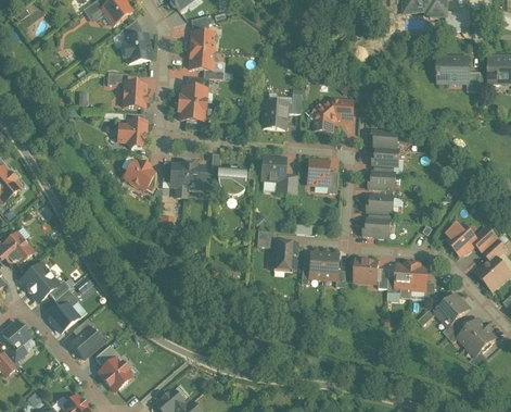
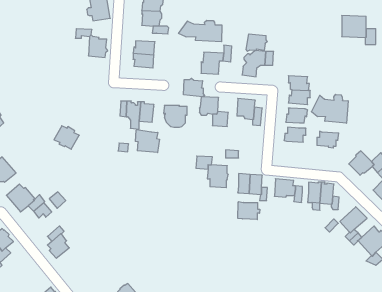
building: none -> [179,20,222,42]
building: none -> [246,34,267,51]
building: [120,120,146,149] -> none
building: none -> [184,78,205,97]
building: none -> [311,94,348,123]
building: [124,160,155,189] -> [54,126,79,149]
building: none -> [135,130,159,153]
building: [363,217,391,238] -> [317,131,339,148]
building: none -> [238,202,260,220]
building: [50,302,79,332] -> none
building: [94,344,132,391] -> none

